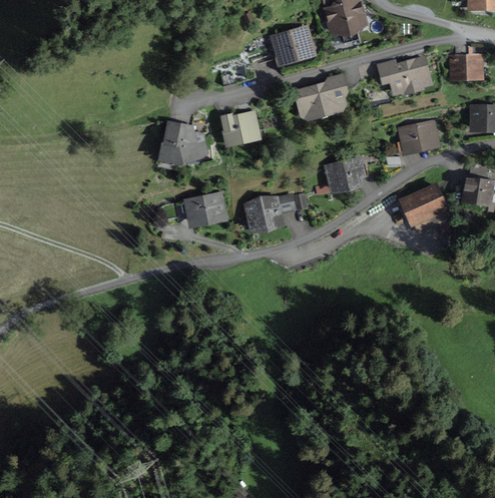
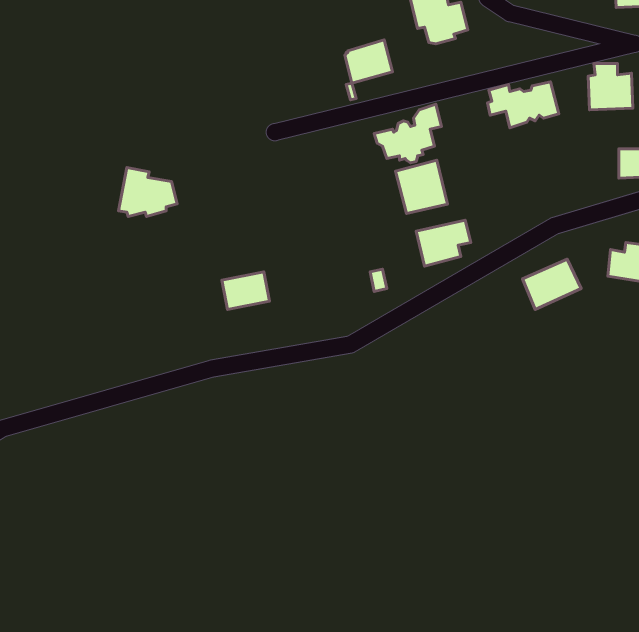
building: [221,115,257,143] -> none
building: none -> [395,160,447,213]
building: [400,123,436,152] -> none
building: [161,125,203,160] -> [119,168,177,216]
building: [245,196,294,230] -> none

